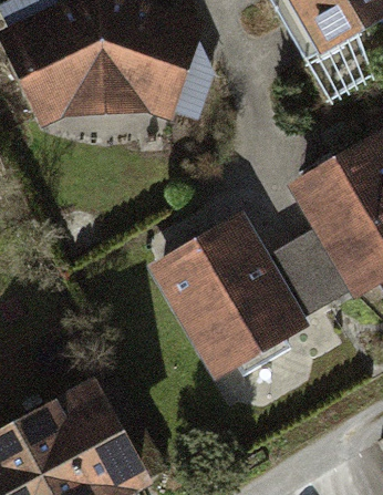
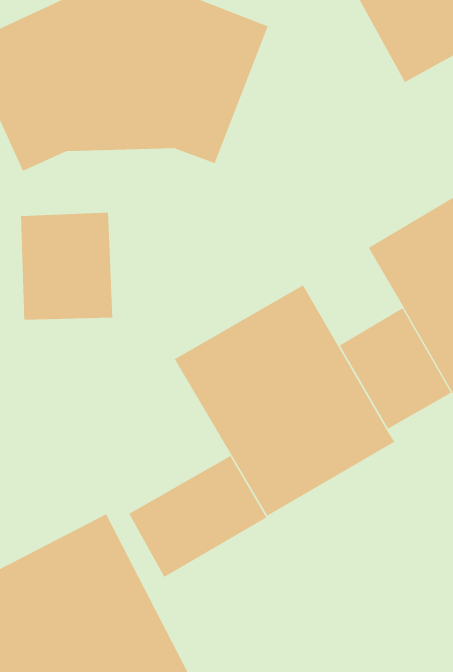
building: none -> [21,212,113,320]
building: none -> [129,455,267,578]

